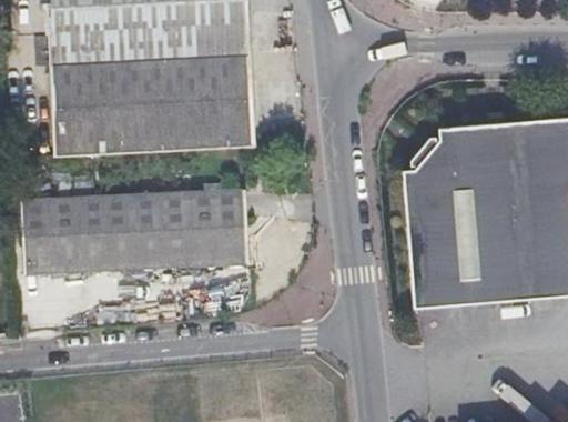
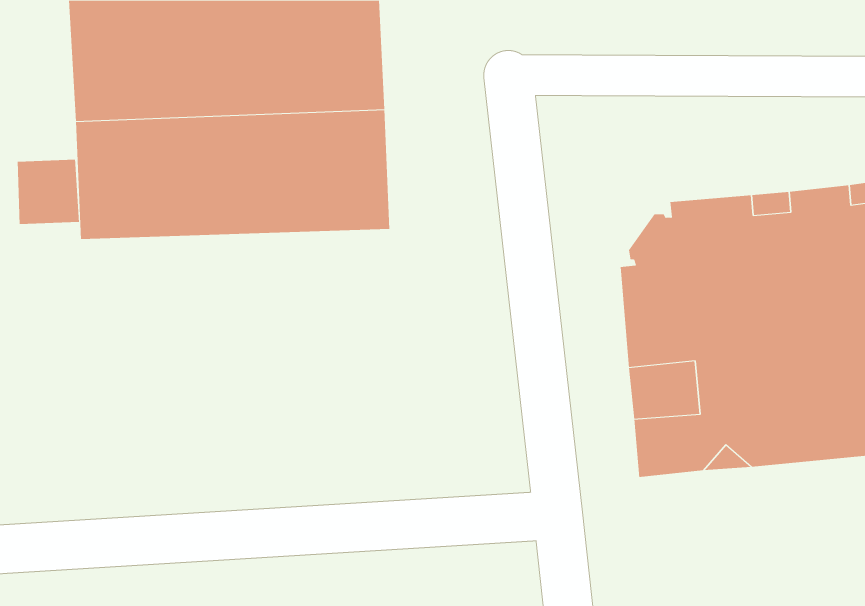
building: none -> [17,159,79,225]
building: [19,185,246,272] -> none

